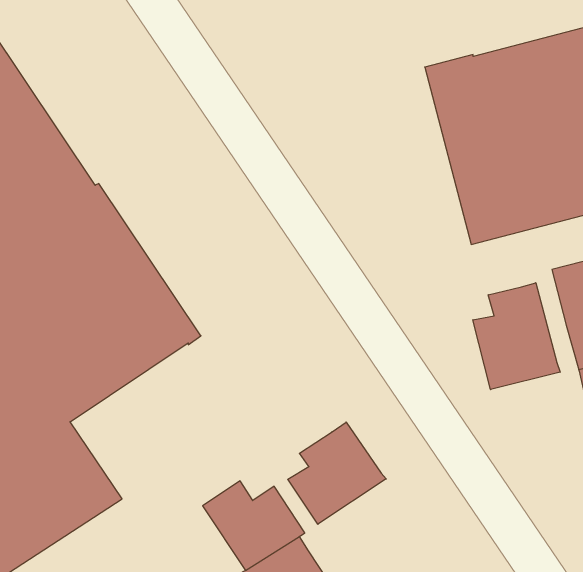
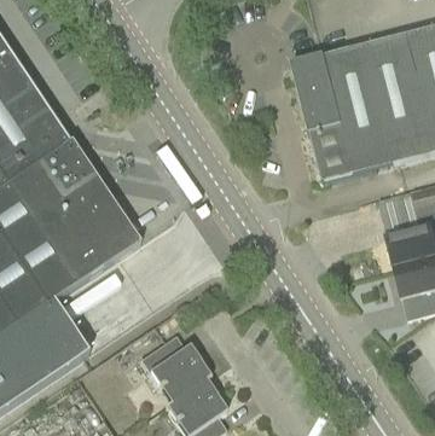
building: [473,283,560,390] -> none
building: [288,422,386,524] -> none

